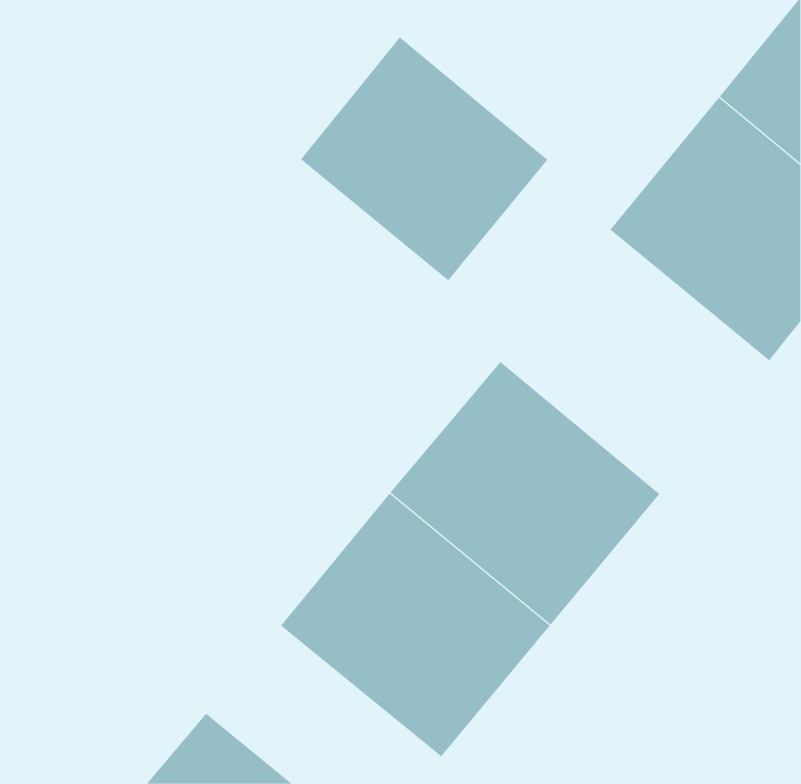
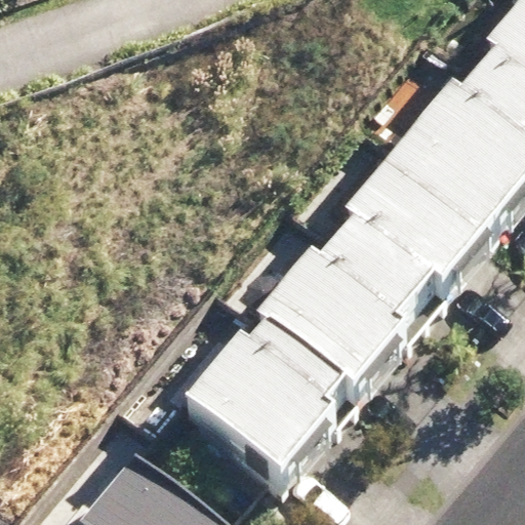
building: [300,36,548,281] -> none
building: none -> [324,149,498,320]

